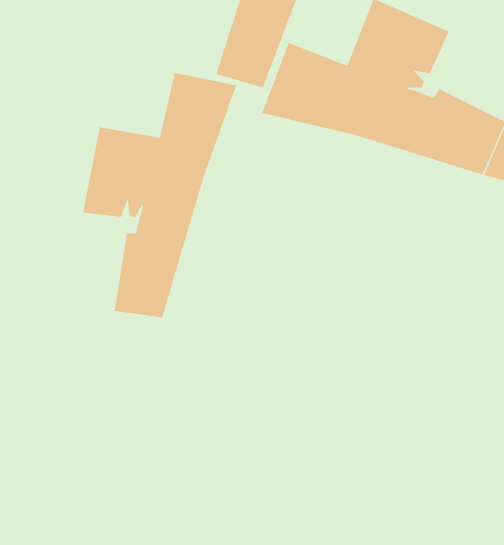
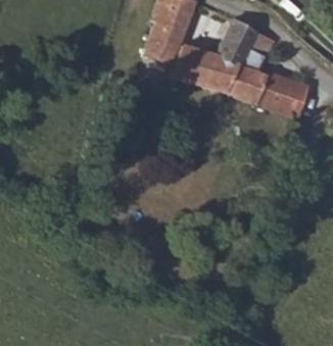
building: [82,72,237,318] -> none

